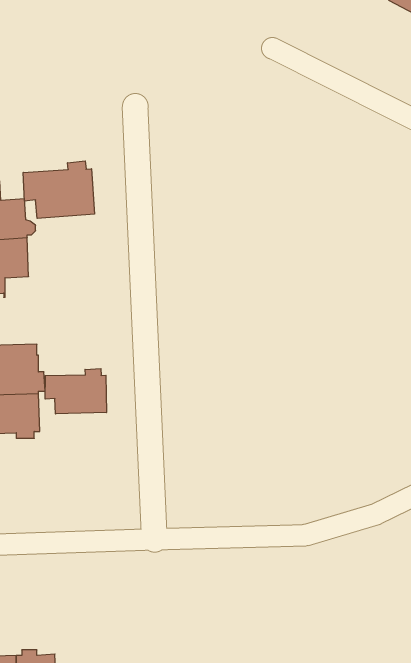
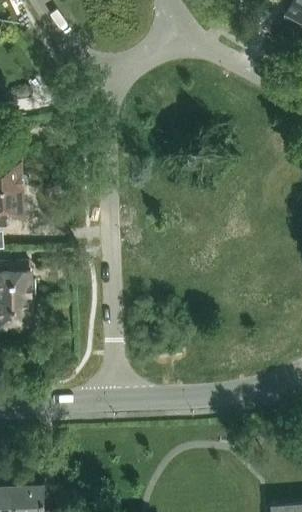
building: [23,161,94,218] -> none
building: [45,369,106,414] -> none

